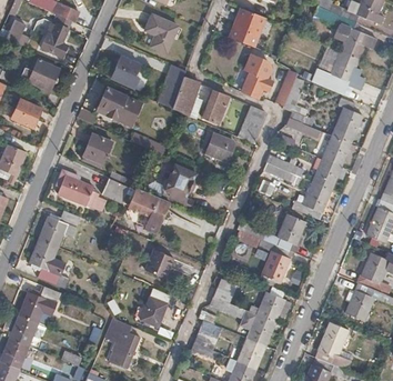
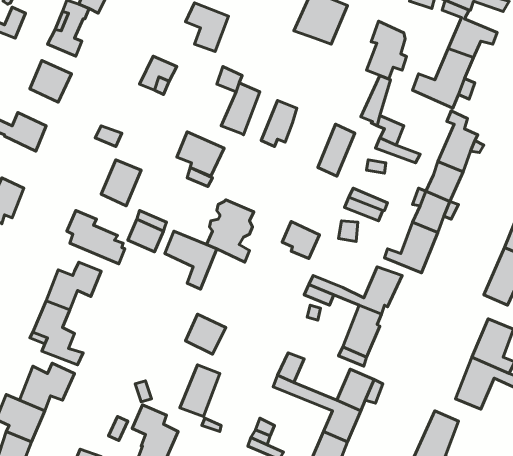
building: [241,53,271,97] -> [367,21,407,79]
building: [98,87,133,120] -> [177,132,224,176]
building: [208,133,235,161] -> [282,221,319,259]

